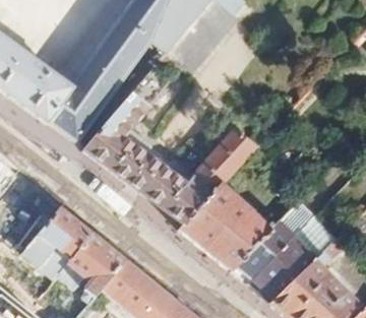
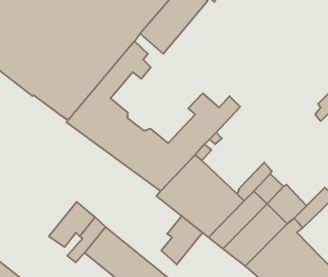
building: [27,207,96,278] -> none
building: none -> [161,216,203,265]

